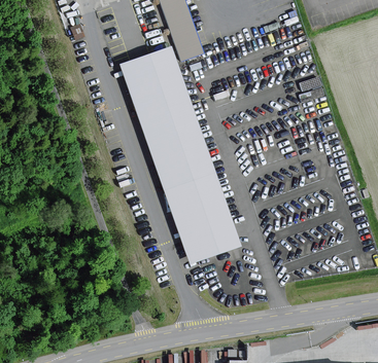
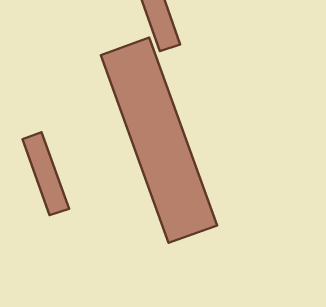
building: none -> [22,132,69,215]

